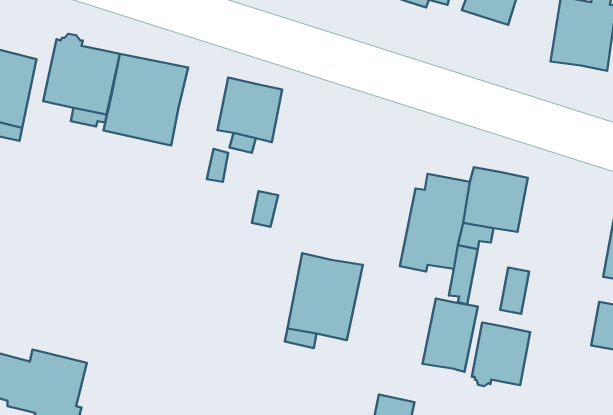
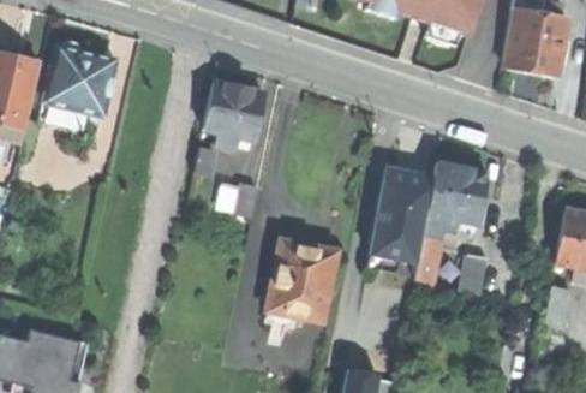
building: [103,54,188,146] -> none
building: [422,298,478,372] -> none
building: [472,323,530,386] -> none

